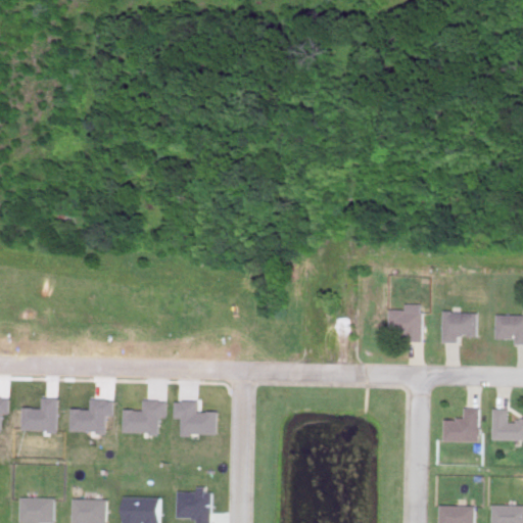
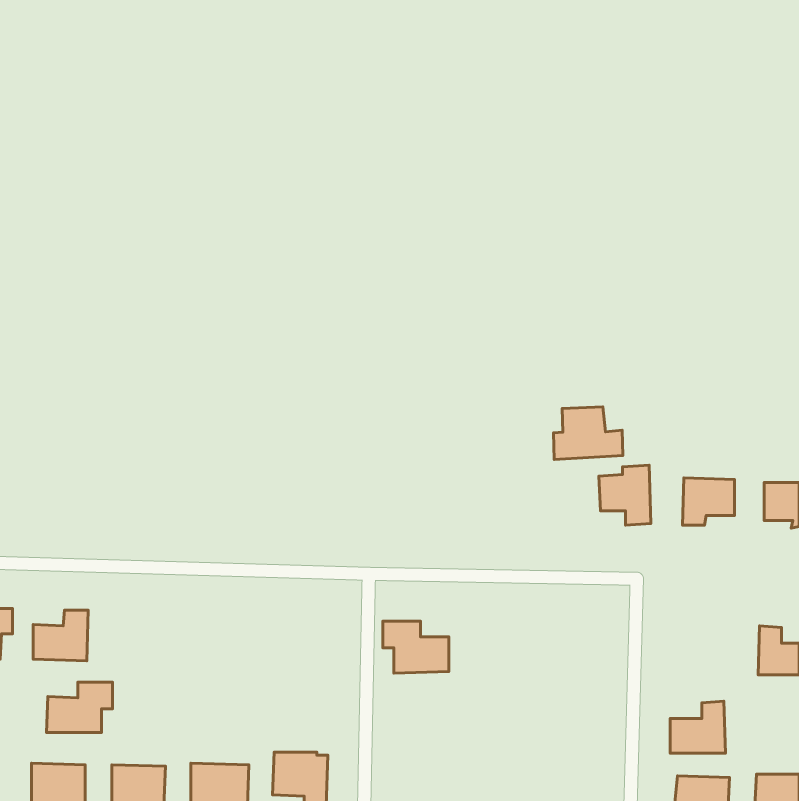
building: none -> [553,407,623,460]
building: [69,399,112,432] -> [46,682,113,733]
building: [123,400,167,434] -> none
building: [174,401,217,435] -> [383,621,449,673]
building: [442,408,478,441] -> [670,701,725,753]

